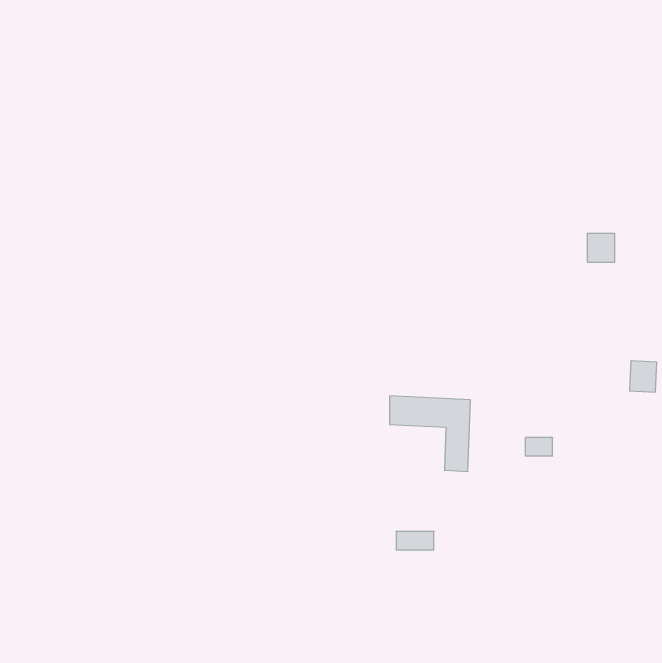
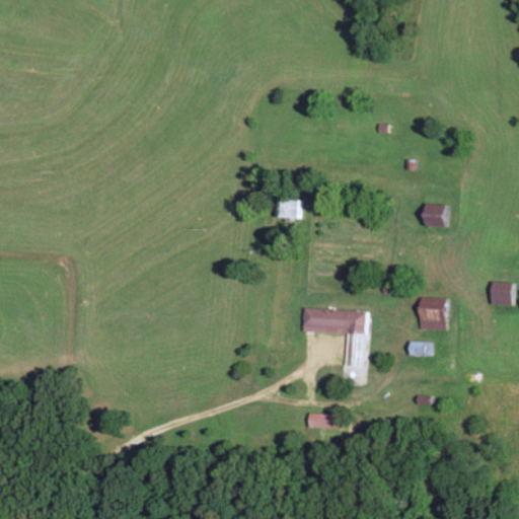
building: [587,233,615,262] -> [425,204,446,226]
building: none -> [277,199,297,219]
building: none -> [419,298,445,328]

